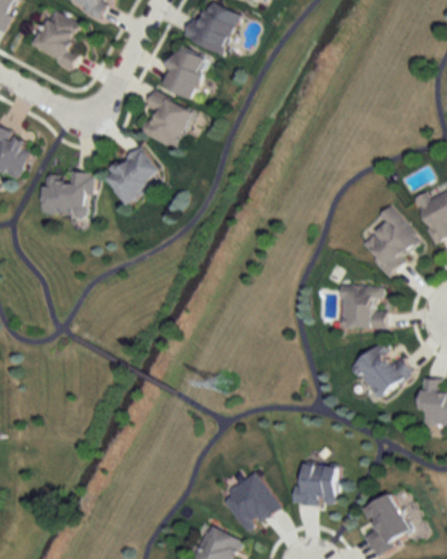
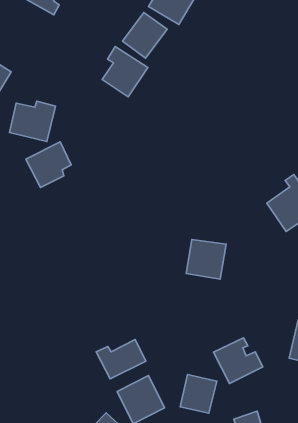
building: [103,146,157,204] -> [26,142,71,188]
building: [341,285,383,328] -> [186,239,226,279]
building: [351,341,412,397] -> [213,338,263,384]
building: none -> [96,340,146,379]

